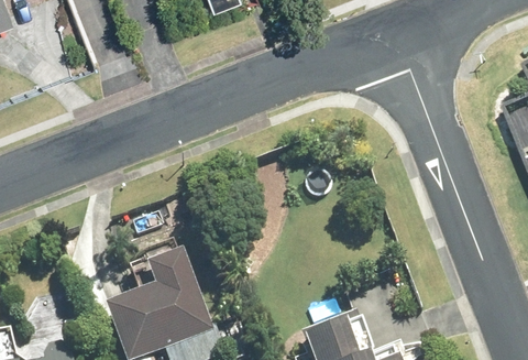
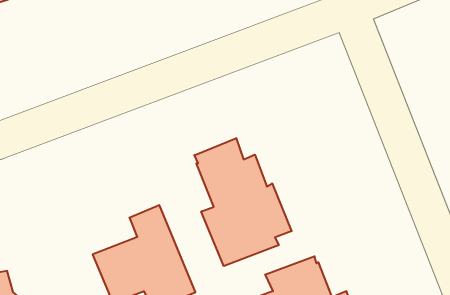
building: none -> [194,138,292,266]

